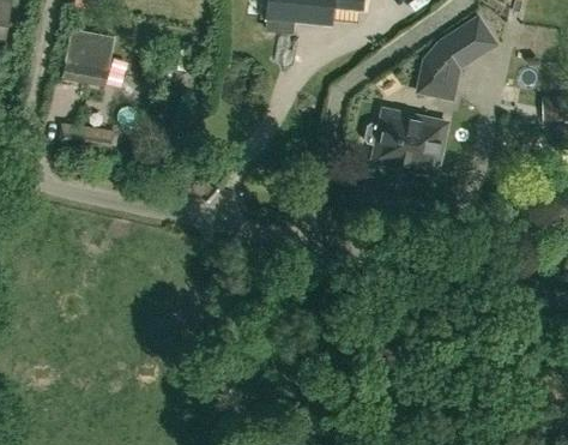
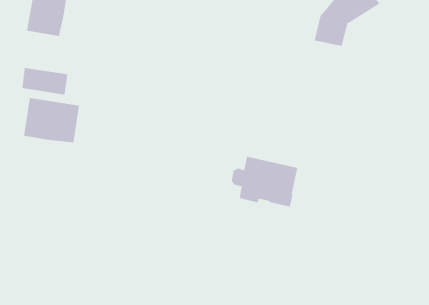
building: [363,107,446,170] -> [231,156,298,207]
building: none -> [23,97,80,143]

